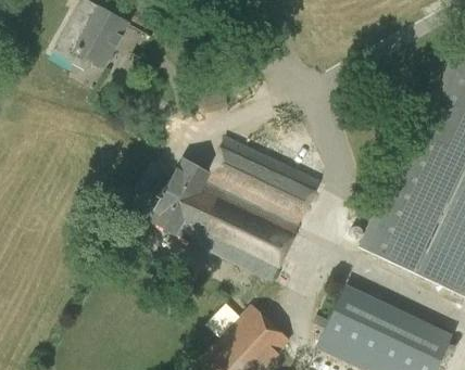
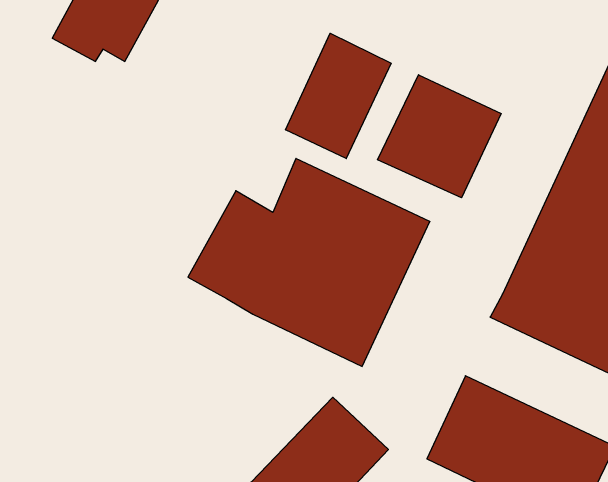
building: none -> [286,33,391,159]
building: none -> [378,75,501,198]

